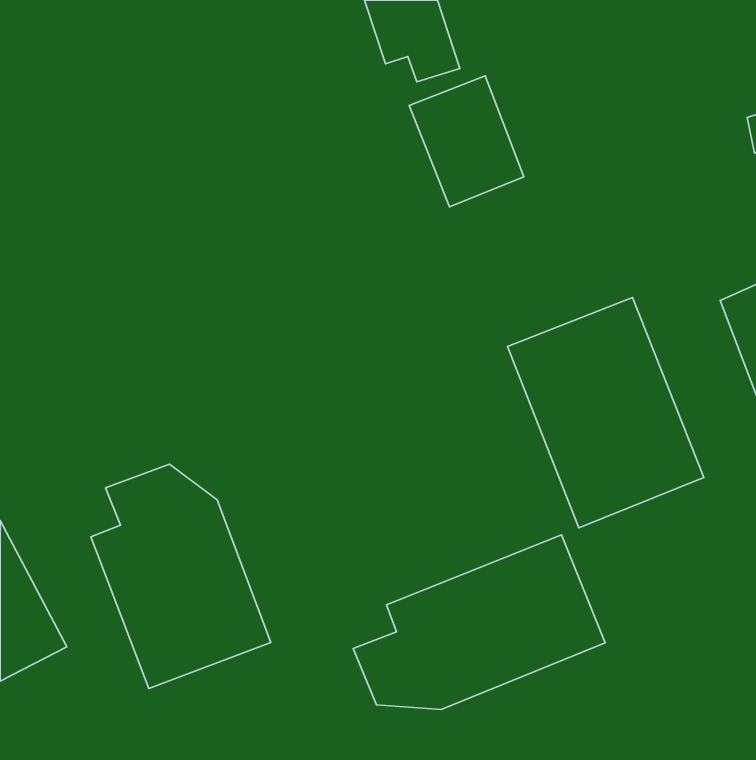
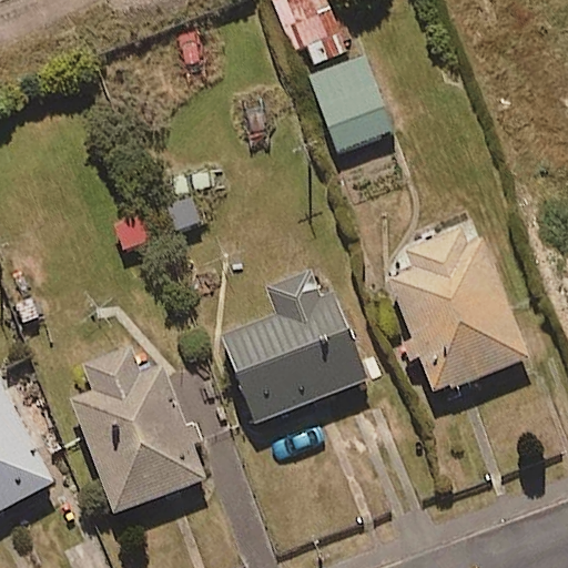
building: none -> [221,270,367,424]
building: [353,535,605,710] -> none

